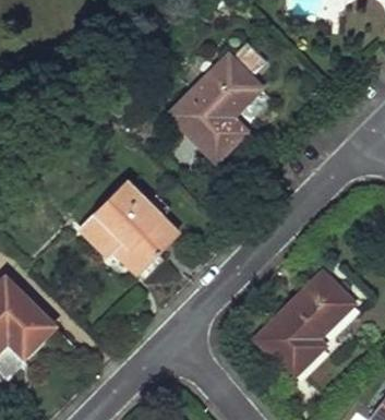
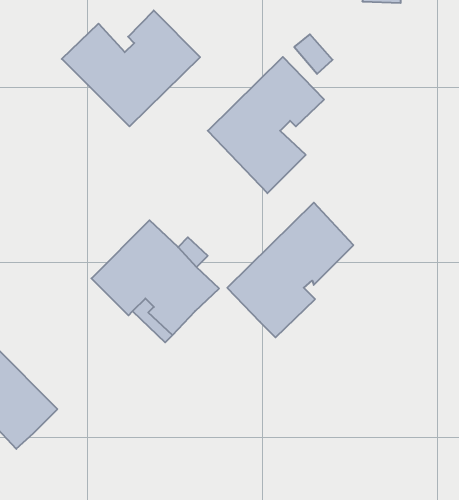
building: none -> [62,10,200,126]
building: [254,272,351,375] -> [227,203,353,337]

